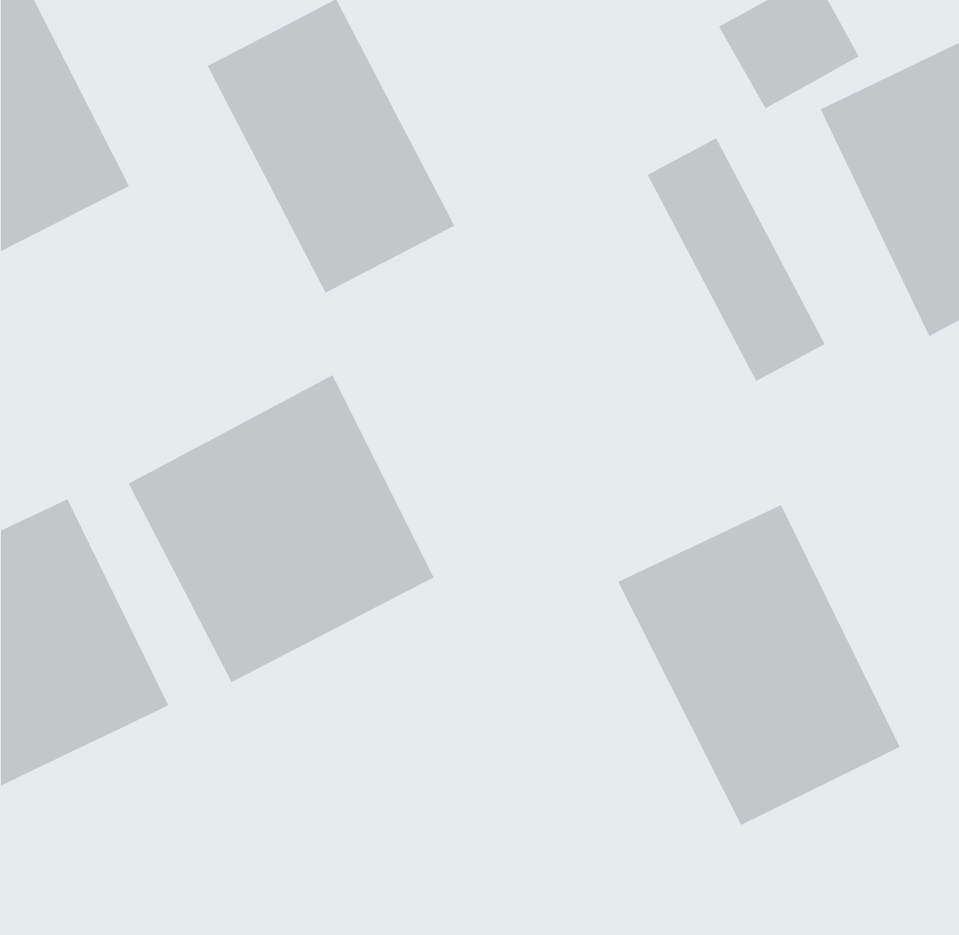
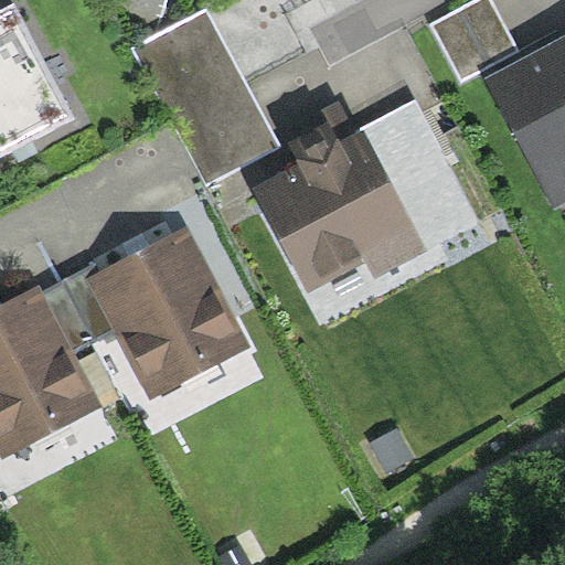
building: none -> [256,125,422,305]
building: [618,504,901,826] -> none

